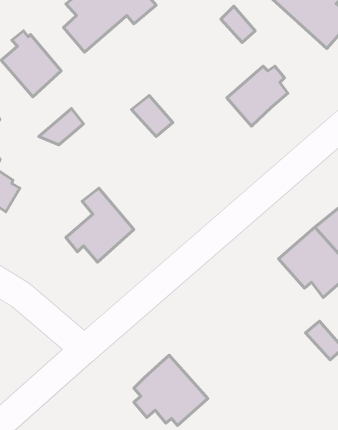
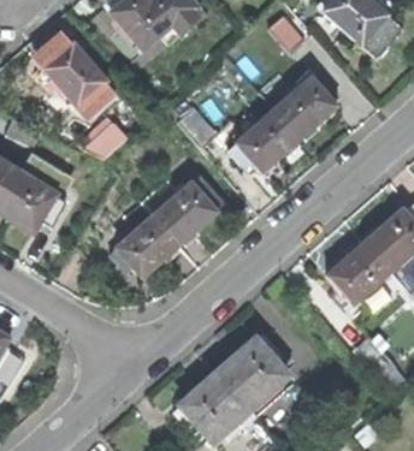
building: none -> [232,108,304,168]
building: none -> [141,176,221,243]
building: none -> [215,337,286,416]

